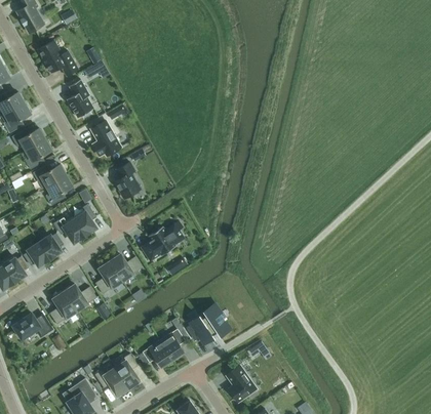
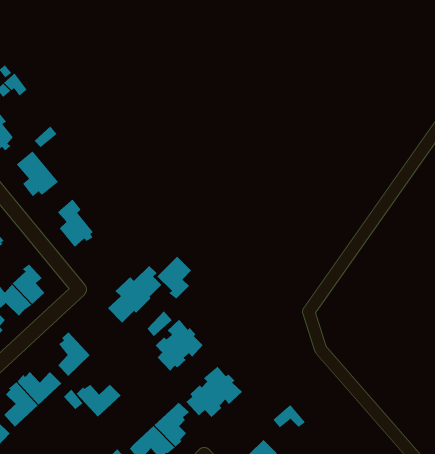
building: none -> [156,256,192,300]
building: [109,254,143,280] -> [76,384,122,417]
building: none -> [155,319,204,372]

